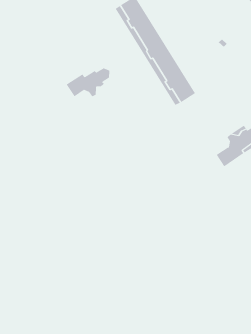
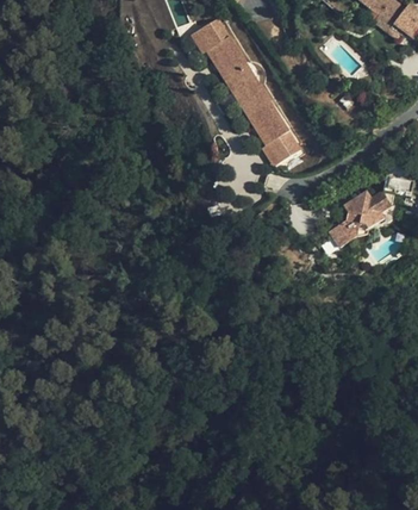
building: [66,67,110,97] -> none

